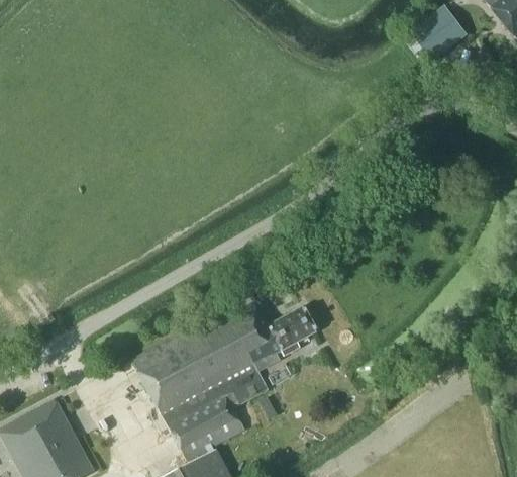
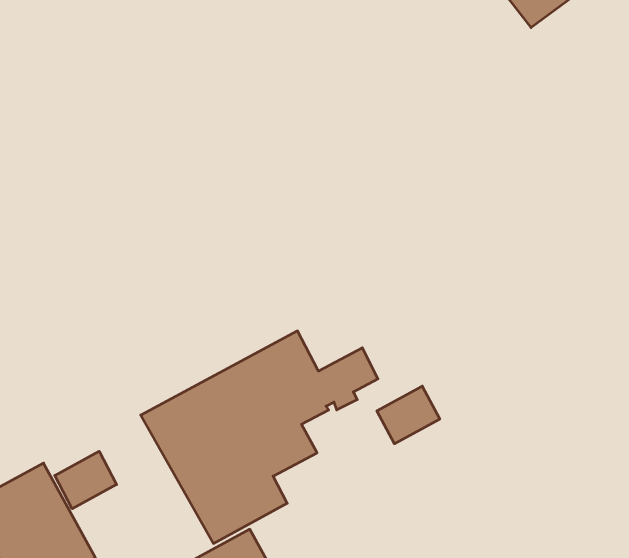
building: none -> [377,386,440,444]
building: none -> [55,451,117,509]

